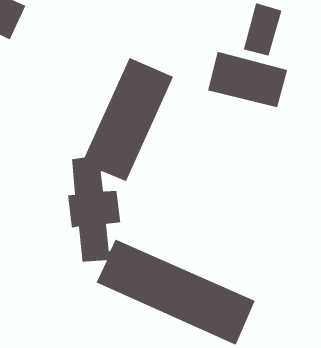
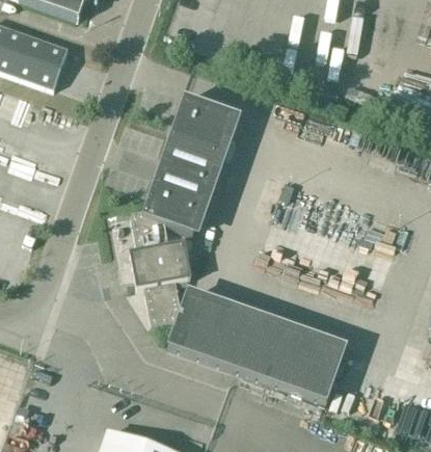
building: [207,51,288,108] -> none

